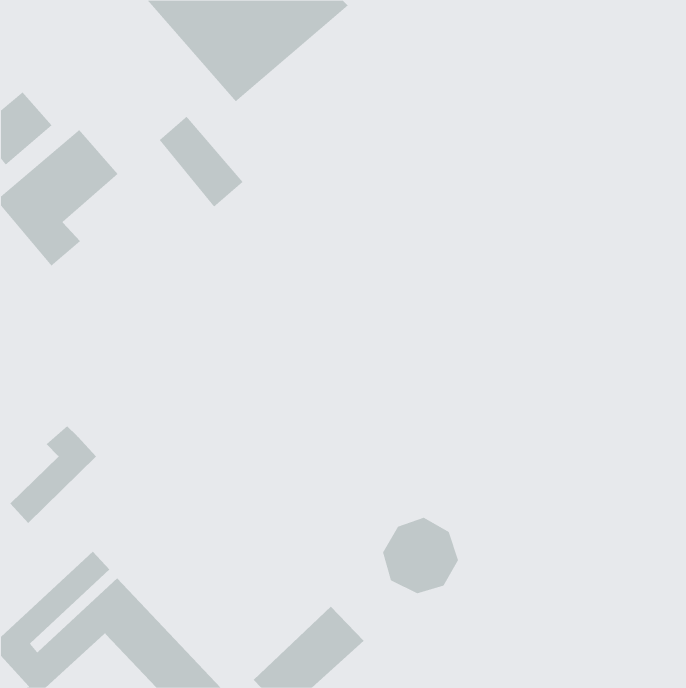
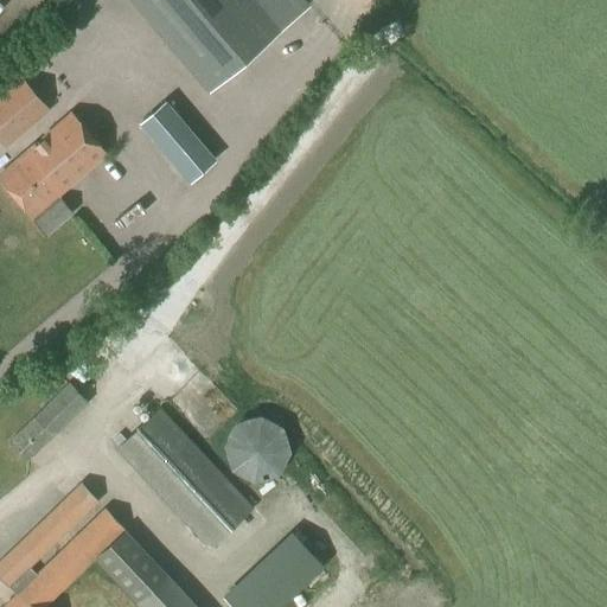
building: none -> [116,408,253,548]
building: [382,517,459,594] -> [223,415,290,483]

